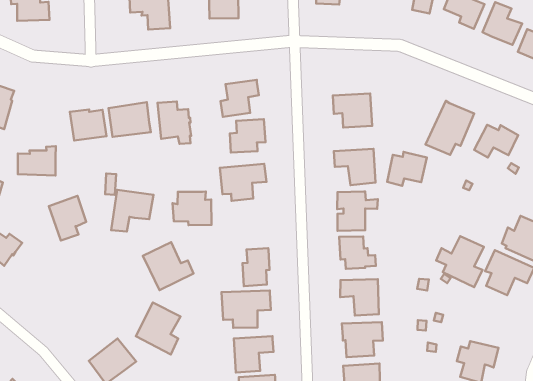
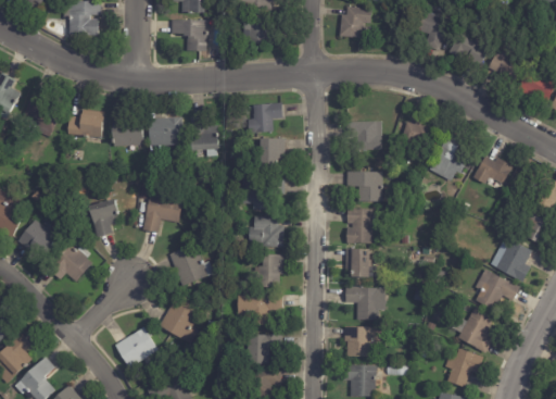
building: [18,146,56,175] -> [68,111,104,137]
building: [387,152,427,186] -> [400,119,437,149]
building: [173,191,211,225] -> [249,216,283,248]
building: [436,236,484,287] -> [452,307,495,353]
building: none -> [46,241,92,282]

